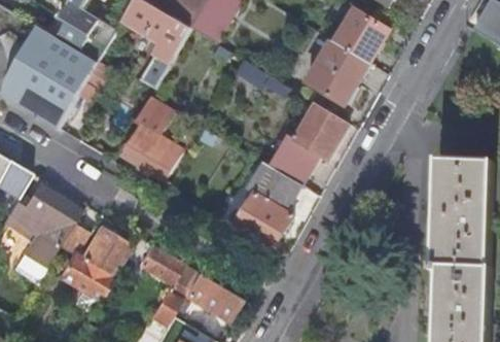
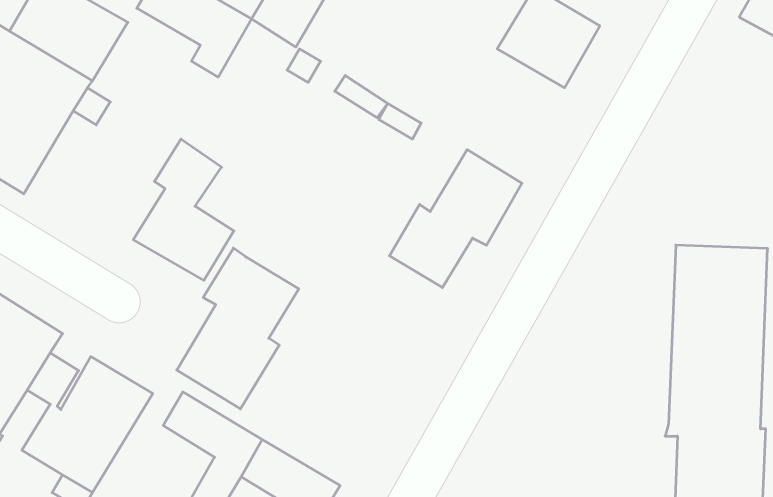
building: [302,43,371,111] -> none
building: [229,161,300,254] -> [177,248,299,409]

